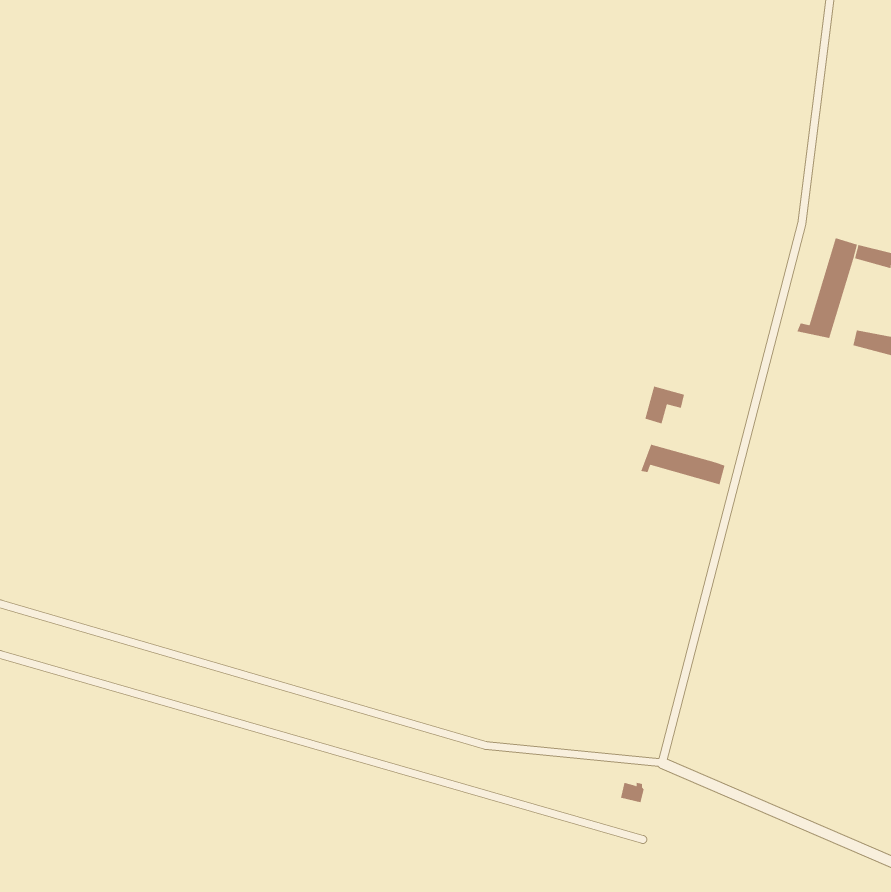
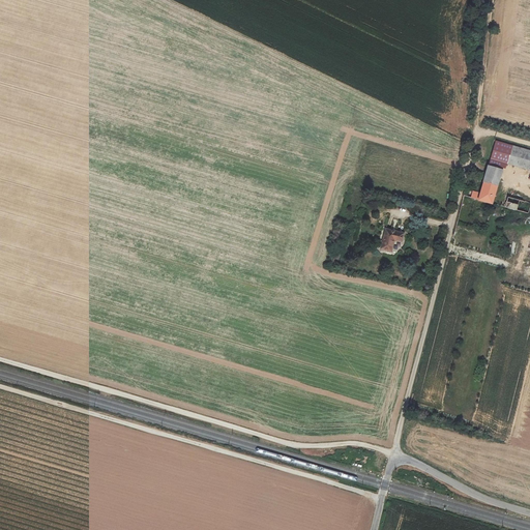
building: [641,444,725,485] -> none

